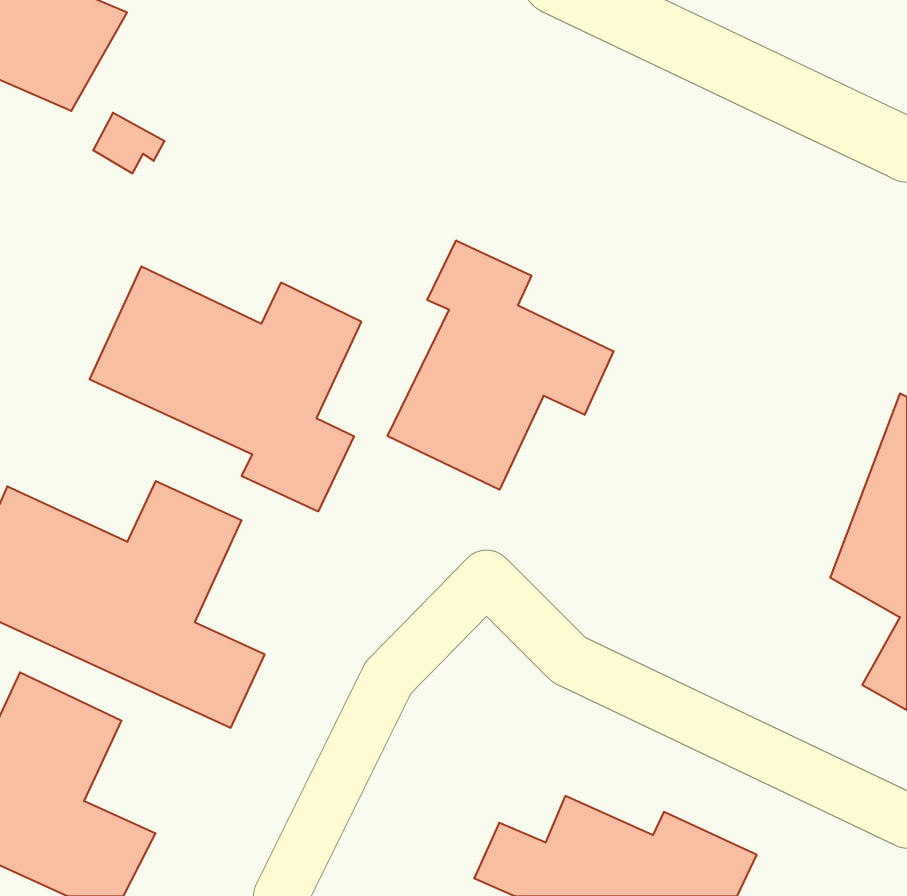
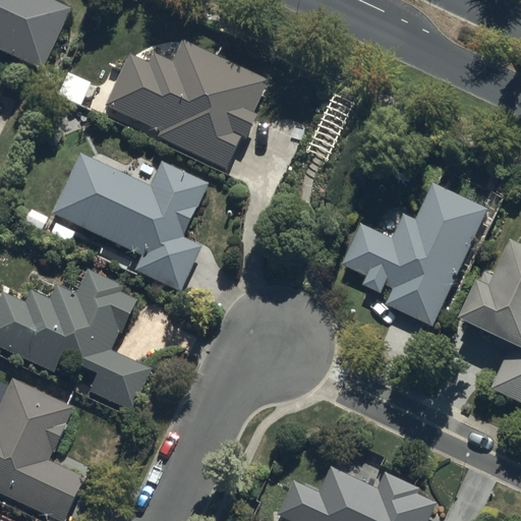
building: none -> [104,41,270,166]
building: [388,240,614,490] -> none
building: none -> [346,178,489,324]

